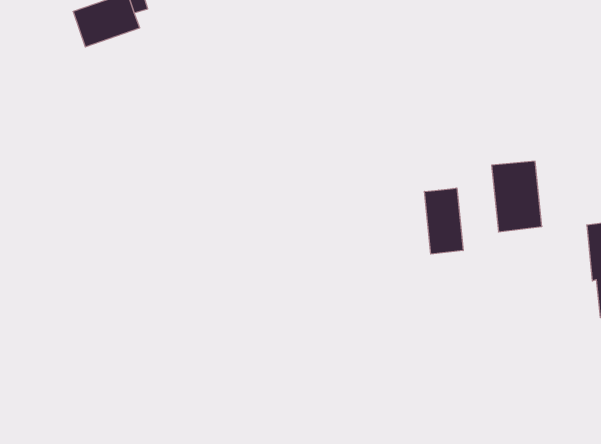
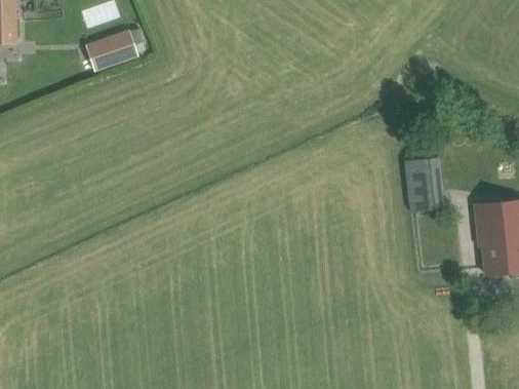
building: [424,188,463,254] -> none

